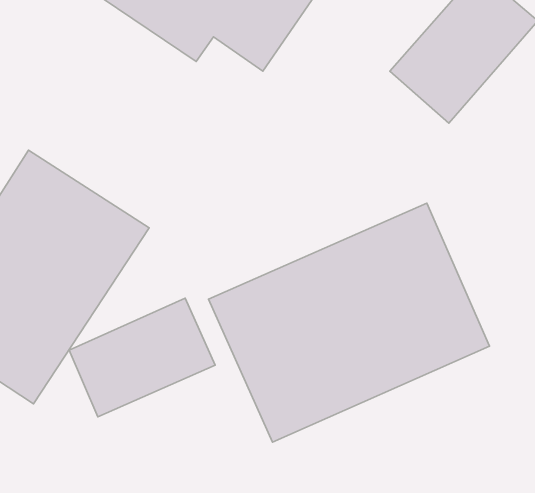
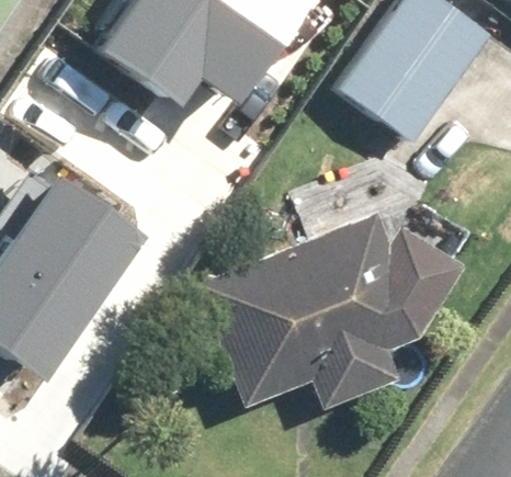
building: [69,298,215,417] -> none

